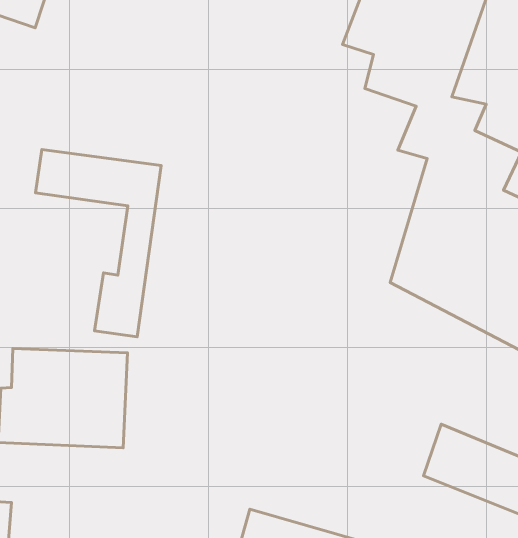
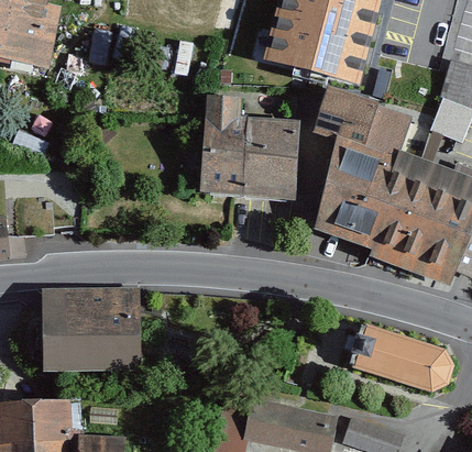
building: none -> [197,96,295,194]
building: [35,150,161,337] -> none

